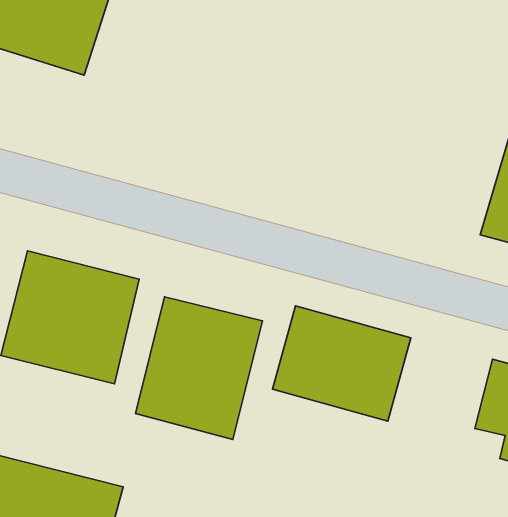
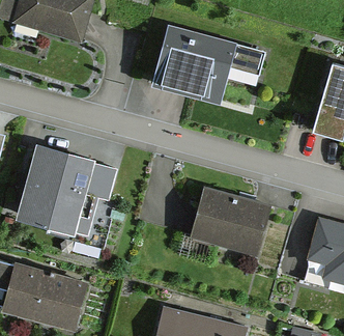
building: none -> [162,32,270,102]
building: [136,297,262,439] -> none

